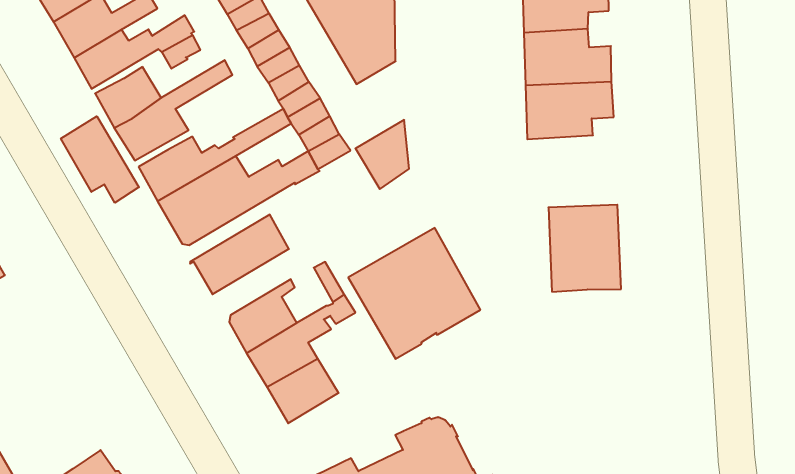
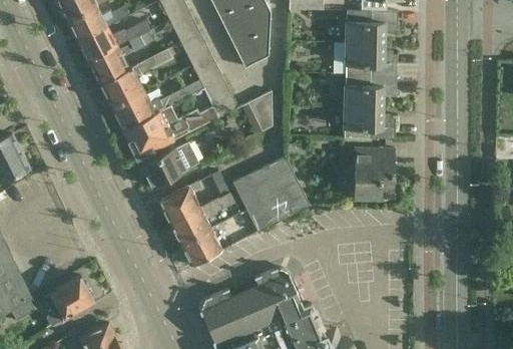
building: [61,116,139,203] -> none
building: none -> [343,106,395,139]

